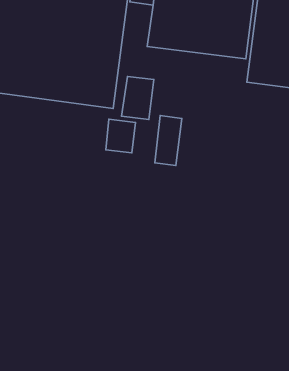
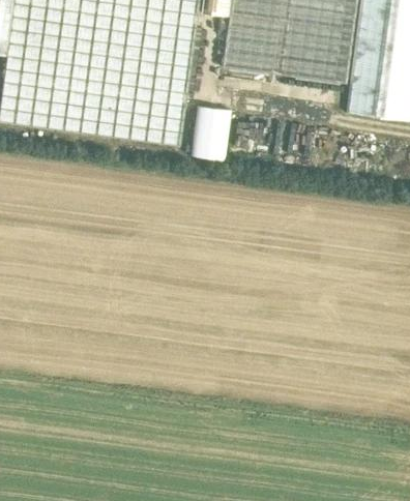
building: [155,116,182,165] -> none
building: [106,119,136,153] -> none

